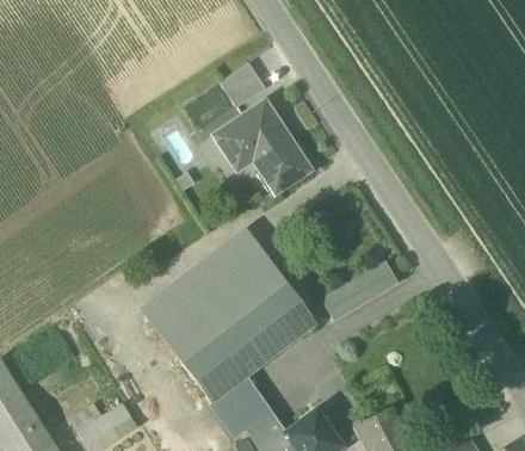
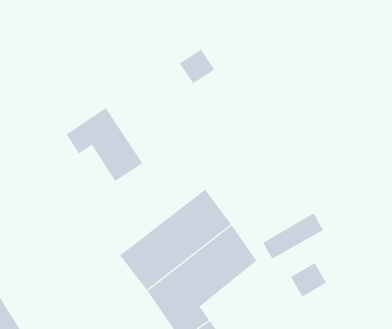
building: [217,103,311,193] -> [66,107,143,182]
building: none -> [290,262,327,297]

